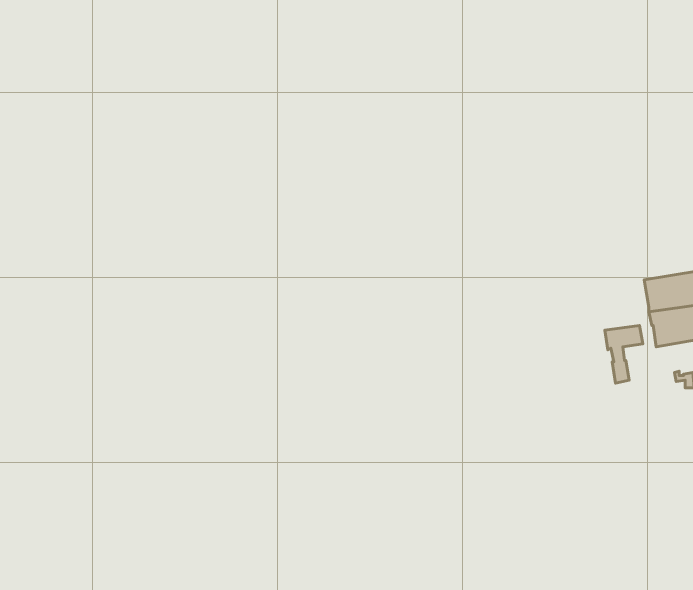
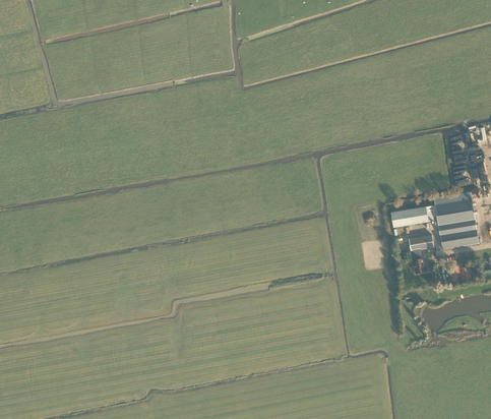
building: none -> [391,204,436,226]

